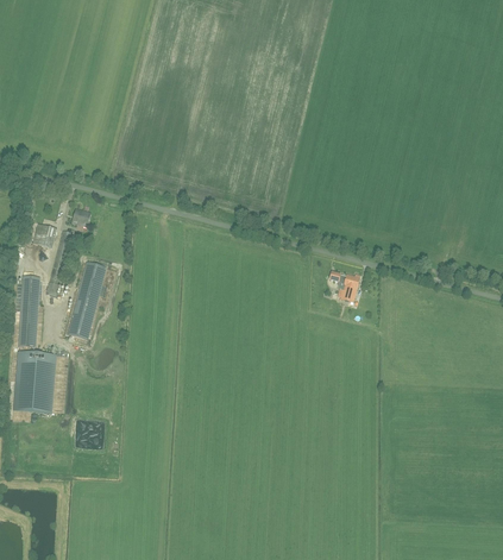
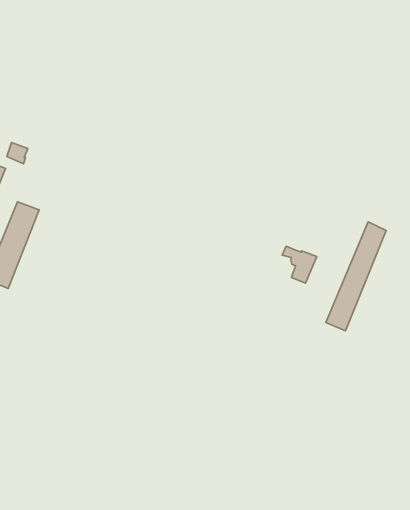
building: none -> [326,222,386,331]

